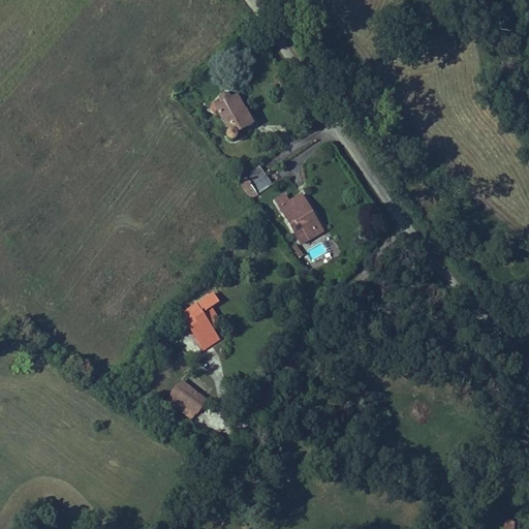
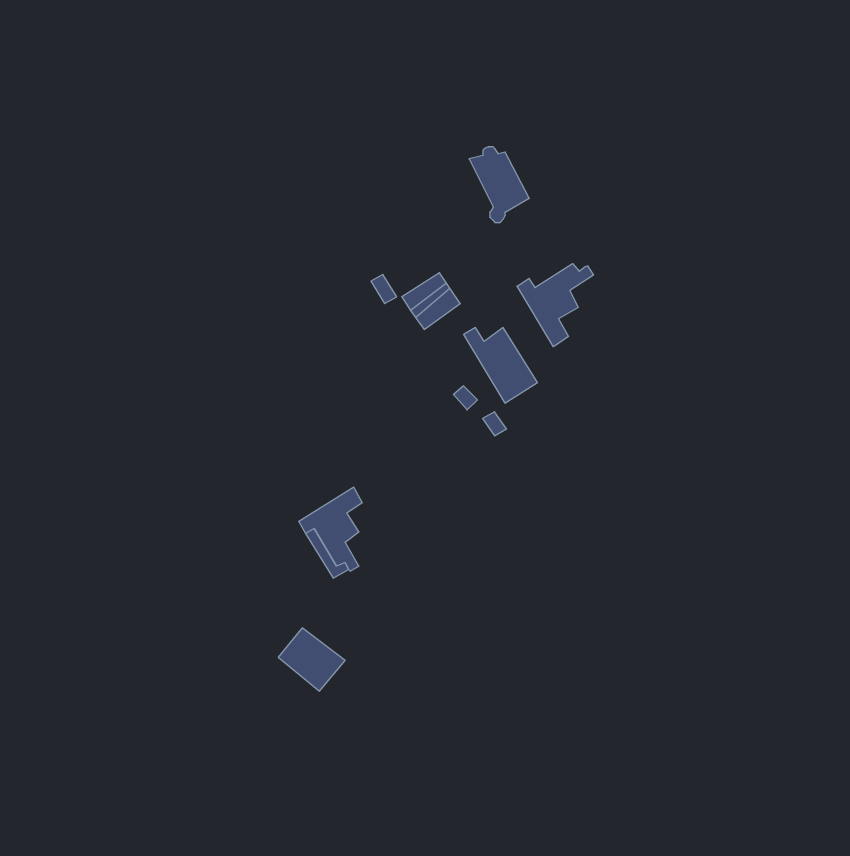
building: [221,93,257,138] -> [469,147,529,222]
building: none -> [517,264,593,347]

